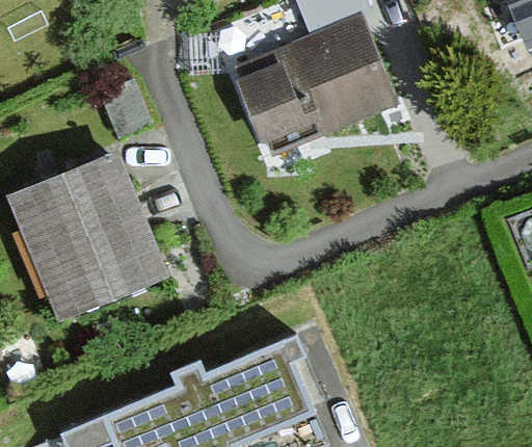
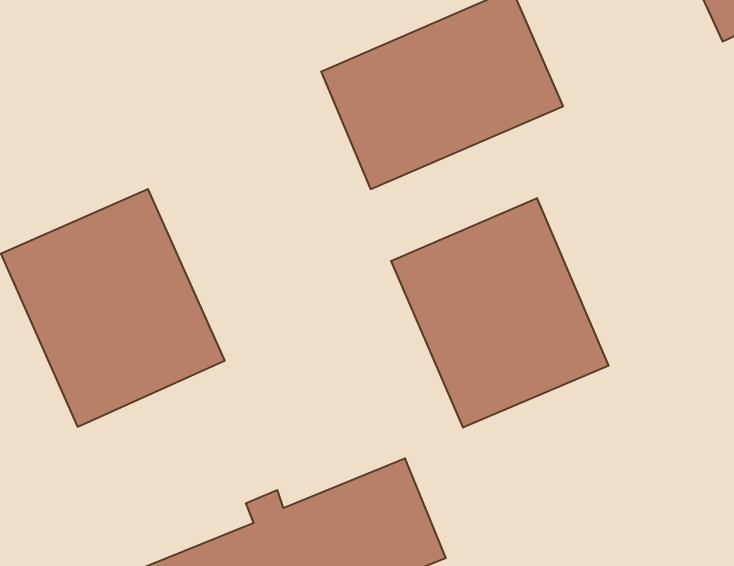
building: none -> [391,198,608,428]

